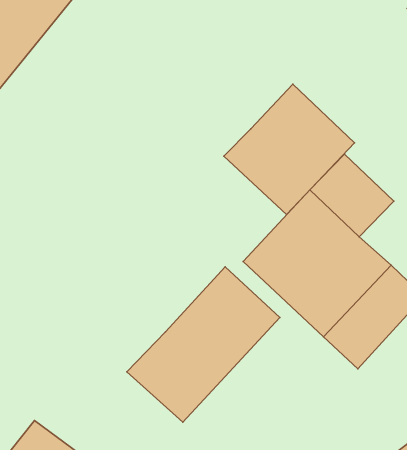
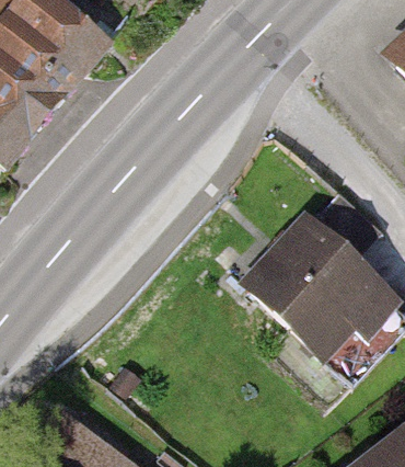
building: [224,84,354,215] -> none
building: [127,267,280,422] -> none

